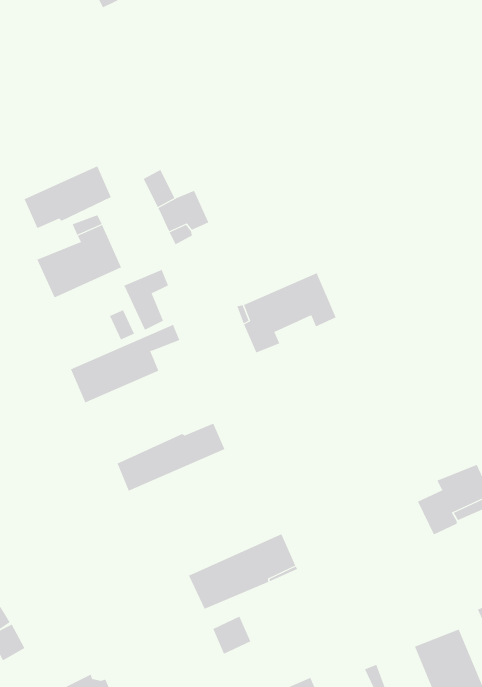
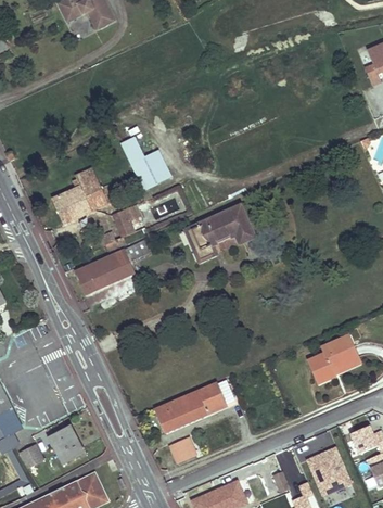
building: [24,165,111,229] -> none
building: [117,423,225,492] -> none
building: none -> [48,424,85,462]

